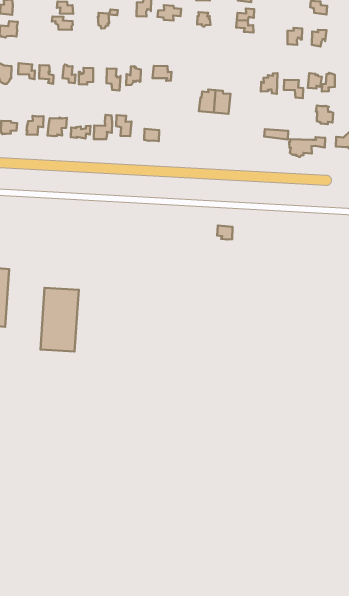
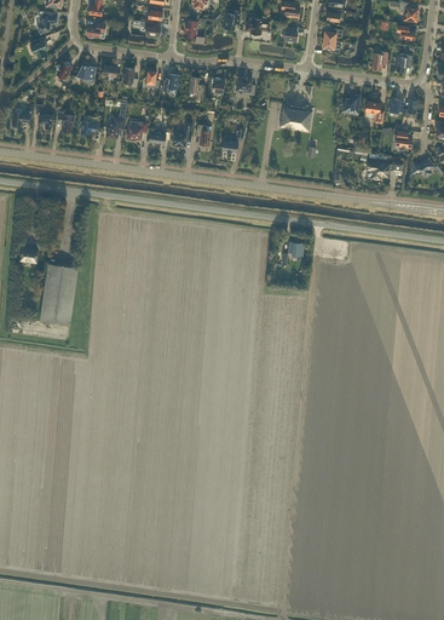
building: [40,288,79,352] -> none

